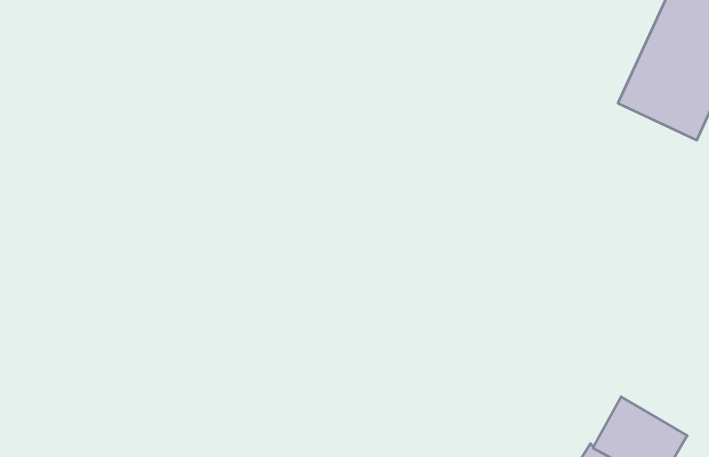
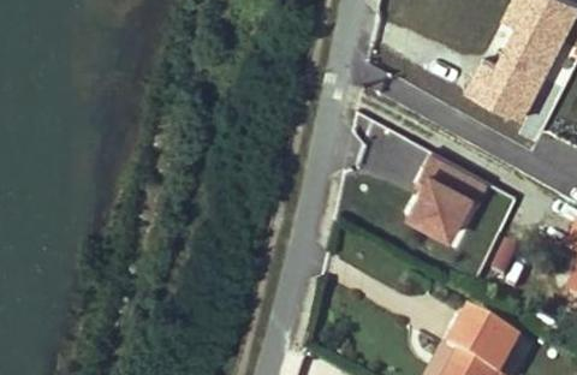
building: none -> [398,150,481,237]

